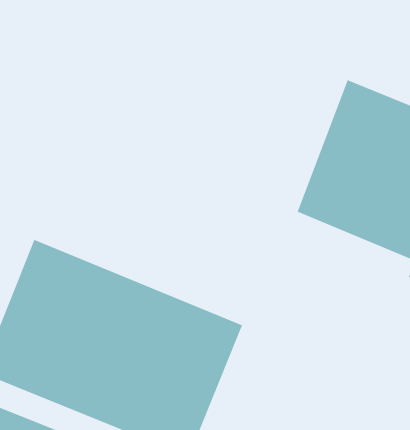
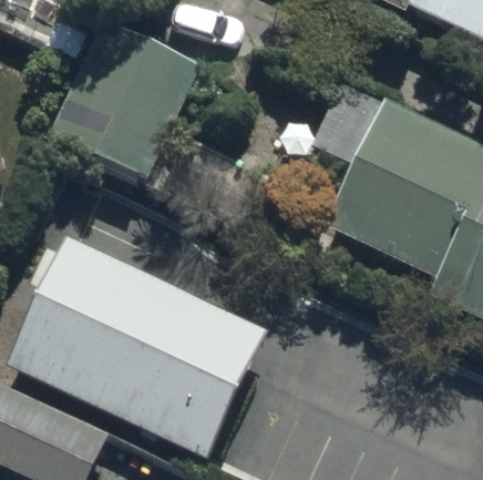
building: none -> [51,14,196,177]

